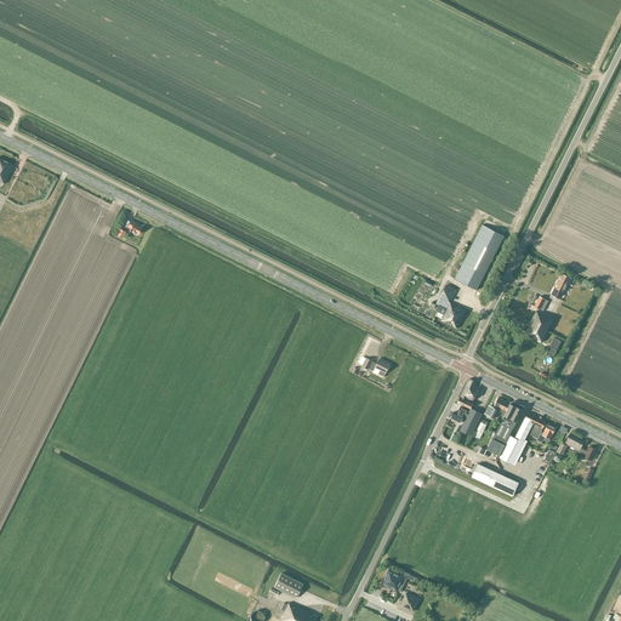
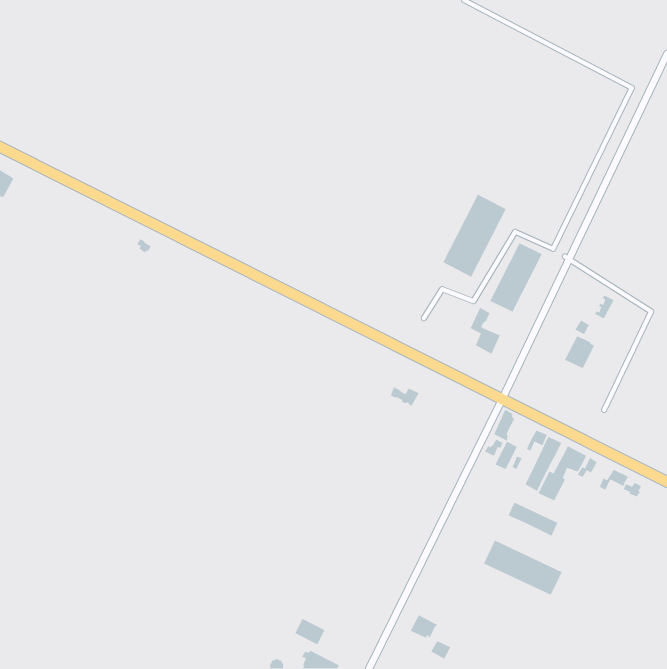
building: none -> [442,194,507,278]
building: none -> [483,540,563,596]

